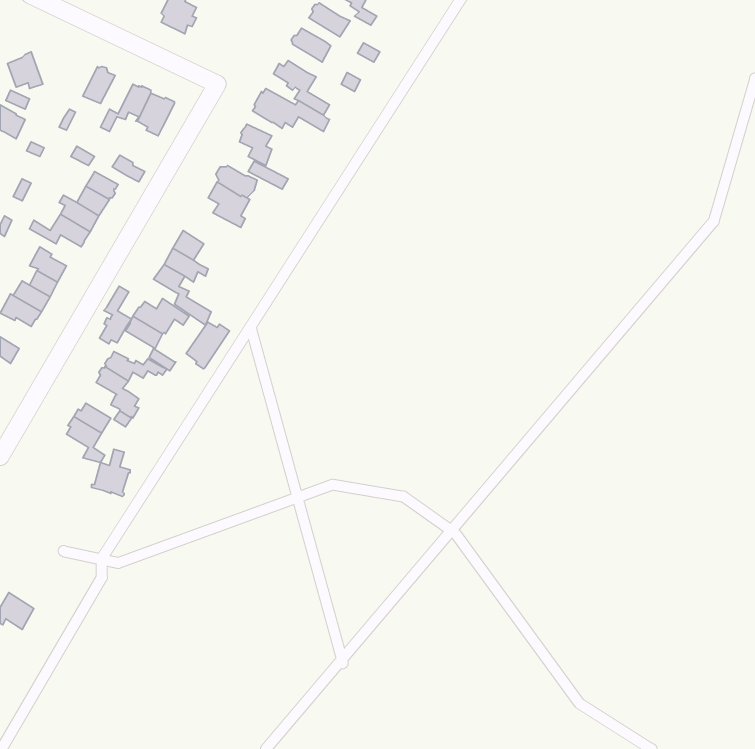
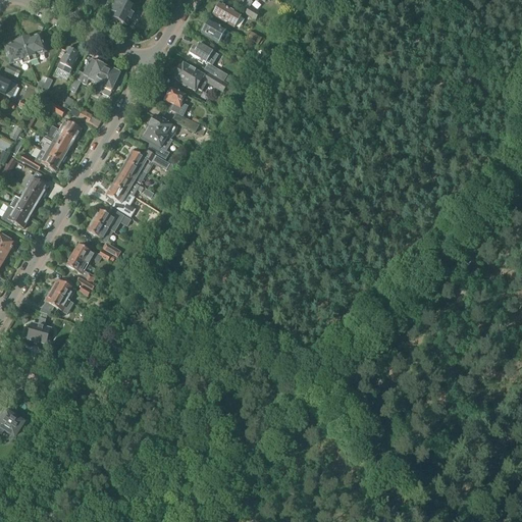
building: none -> [21,32,45,58]
building: none -> [126,147,165,171]
building: [99,286,132,344] -> none
building: [186,322,230,369] -> none
building: [92,449,130,496] -> [25,311,52,344]

